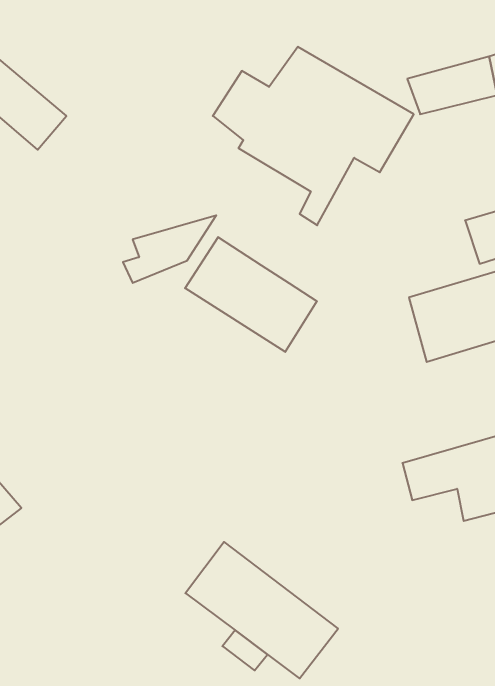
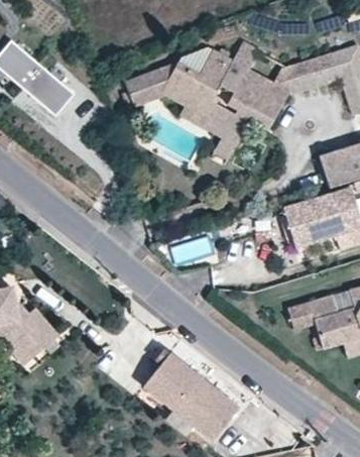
building: [123,215,216,283] -> [122,63,181,105]
building: [185,237,317,352] -> none

